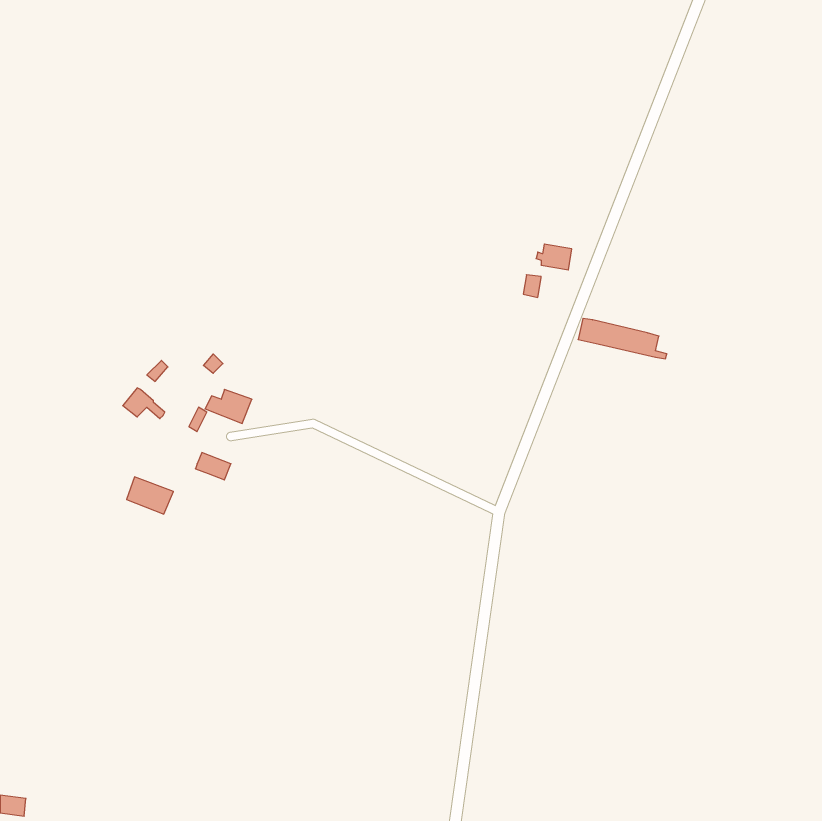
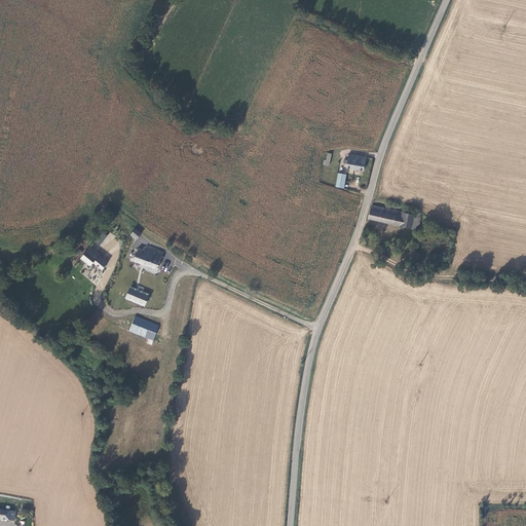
building: [127,477,173,514] -> [130,316,160,340]

